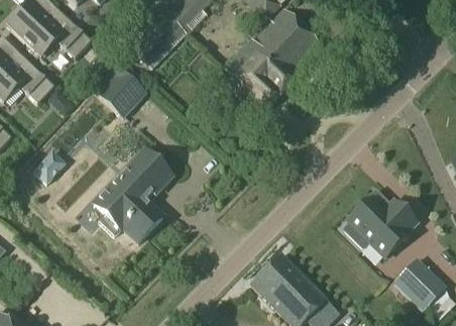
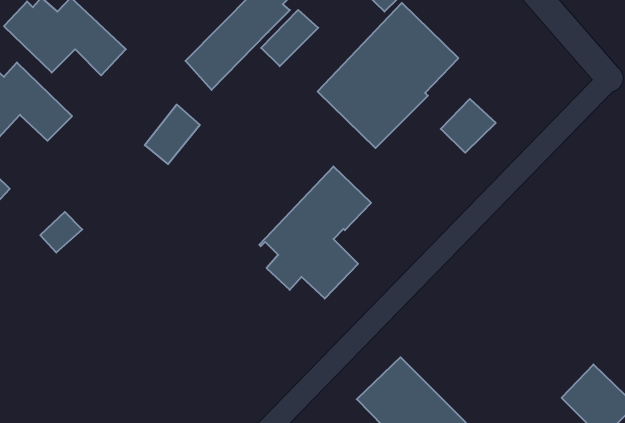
building: none -> [261,10,318,66]
building: none -> [441,99,496,153]
building: [94,149,172,241] -> [259,166,371,299]
building: [344,191,417,256] -> none

